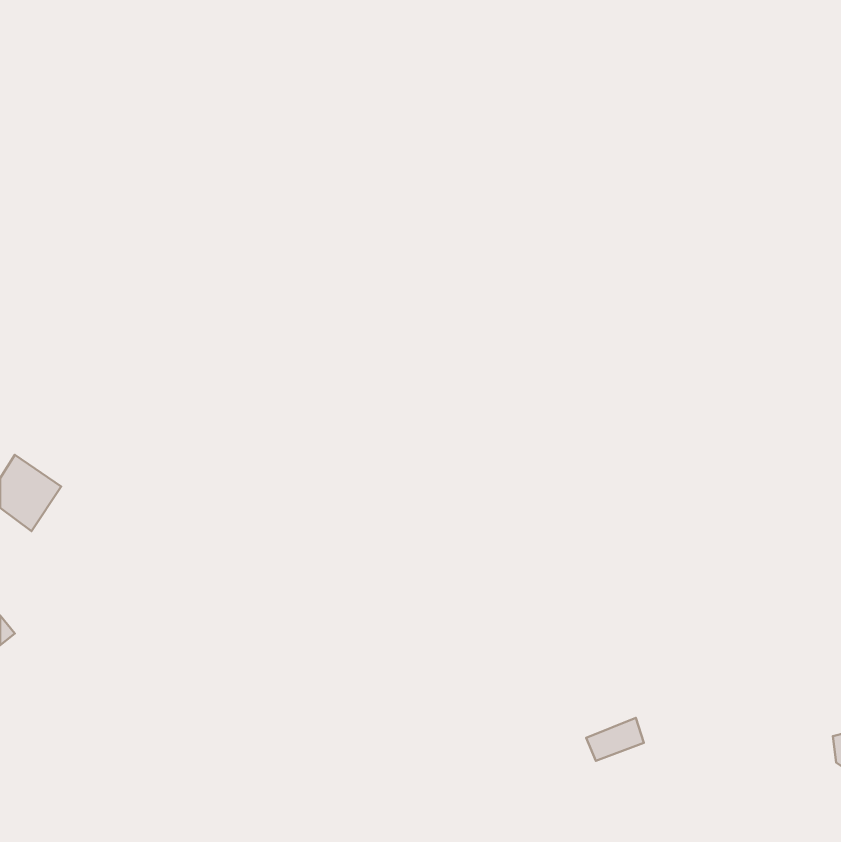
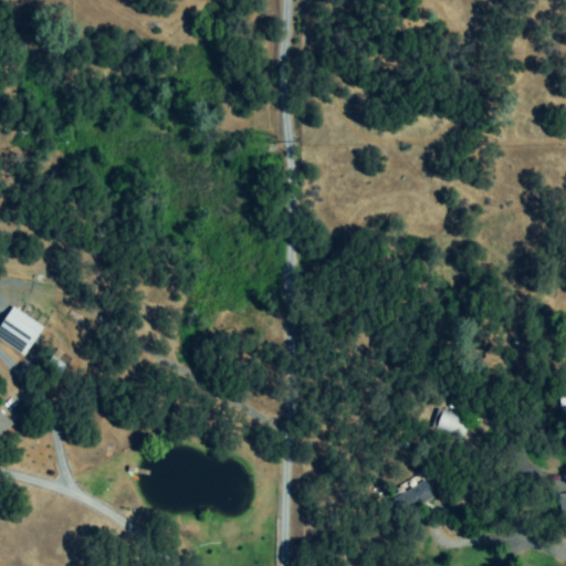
building: none -> [433,408,471,438]

